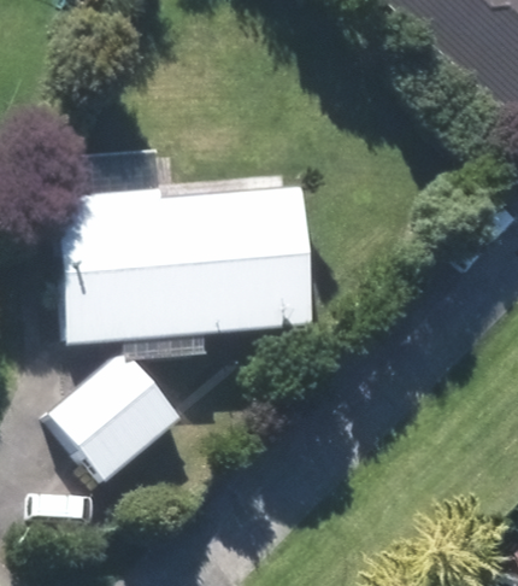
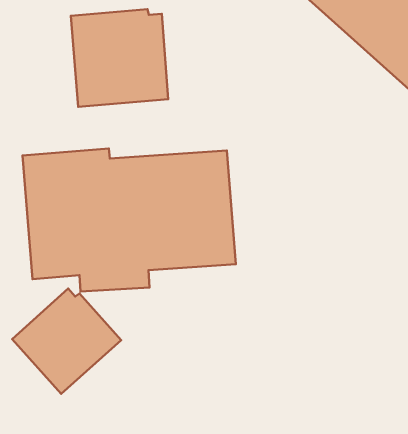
building: none -> [71,9,168,107]

